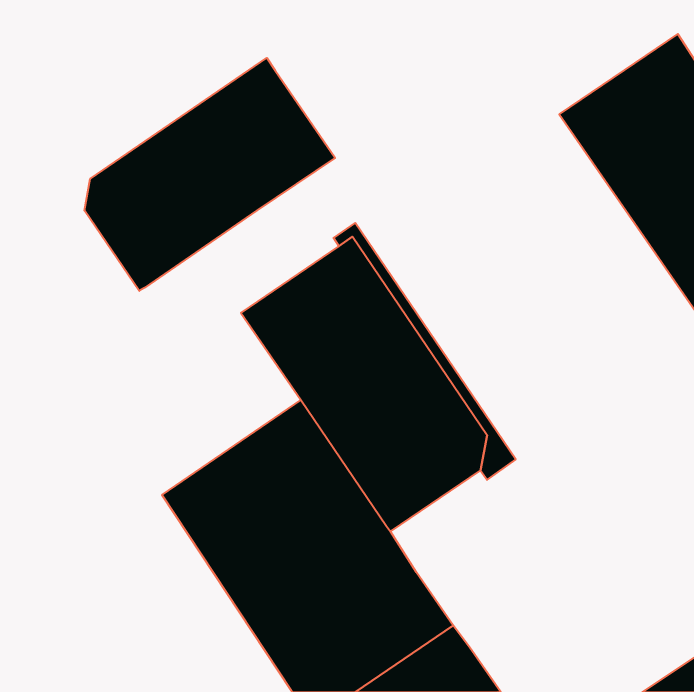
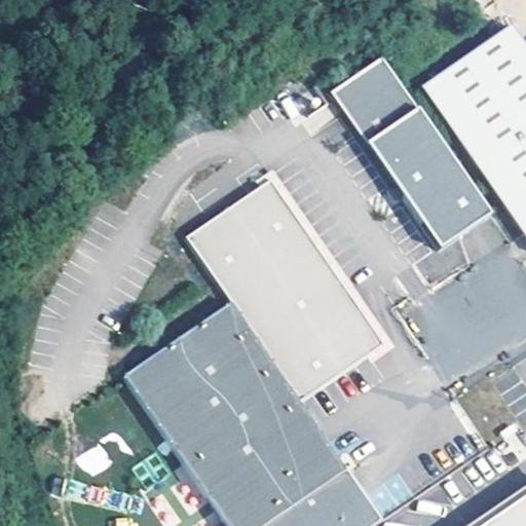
building: [84,58,335,291] -> none
building: none -> [332,55,491,249]

